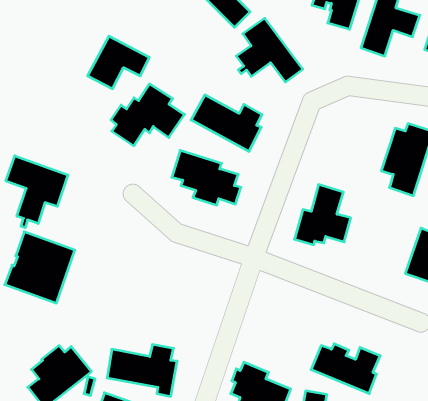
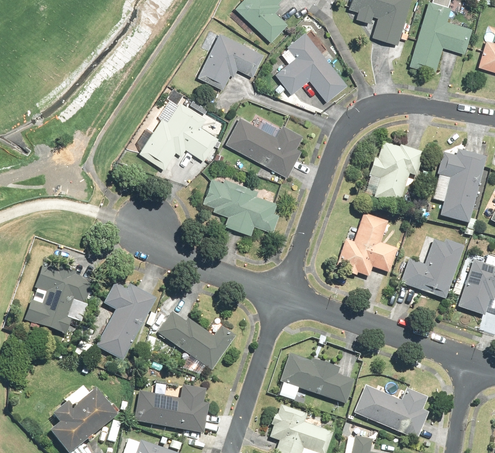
building: [88,36,149,89] -> [197,33,264,90]
building: none -> [362,142,423,206]
building: [6,156,68,228] -> none
building: none -> [397,234,467,299]
building: none -> [97,284,157,359]
building: none -> [158,311,235,376]
building: none -> [282,356,353,402]

